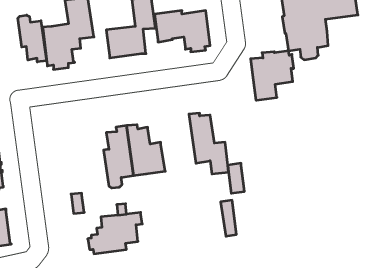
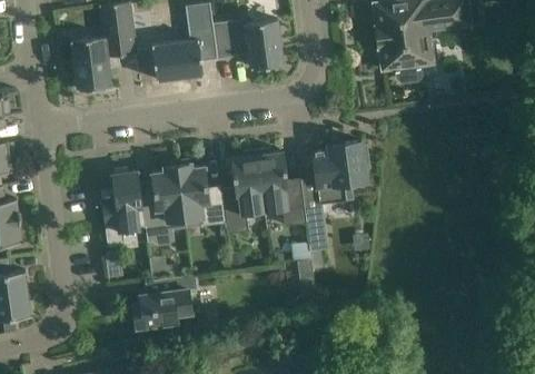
building: [18,15,47,62] -> none
building: [251,51,294,100] -> [313,141,367,204]
building: none -> [220,150,265,234]
building: none -> [101,168,155,247]

